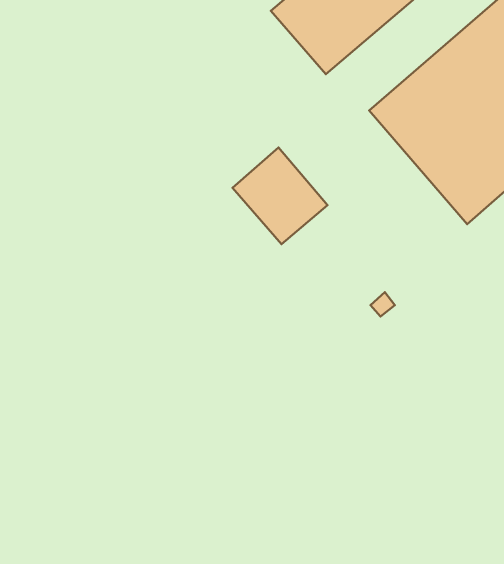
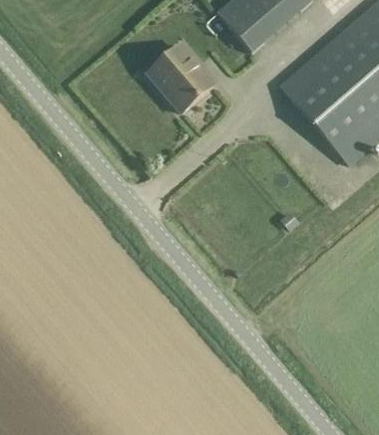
building: [232,147,328,244] -> [148,43,215,111]

